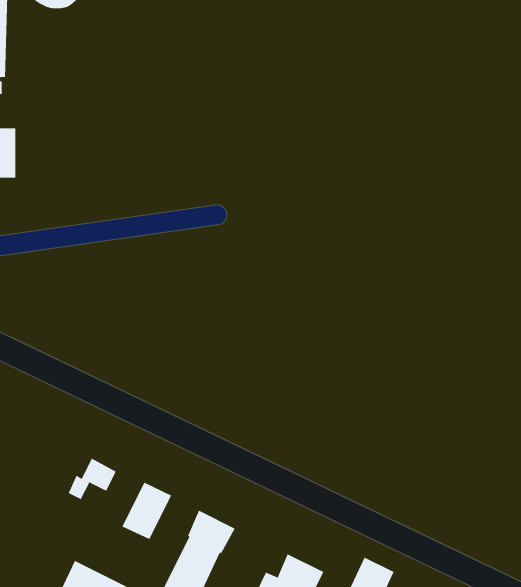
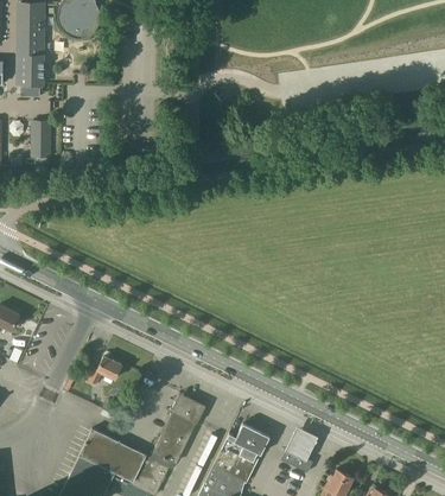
building: [122,482,172,540] -> none

